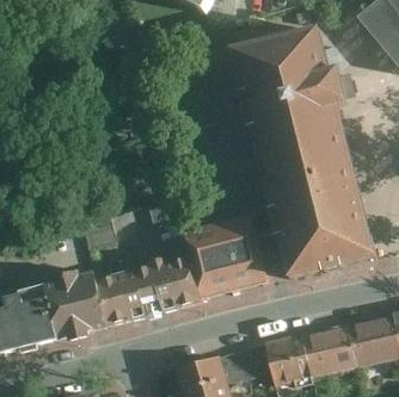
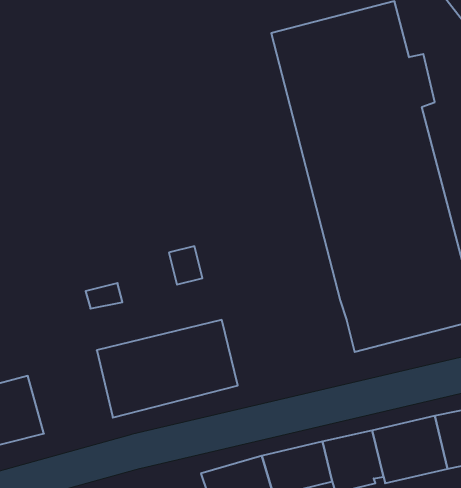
building: [180,217,280,303] -> none
building: [39,268,105,339] -> none

